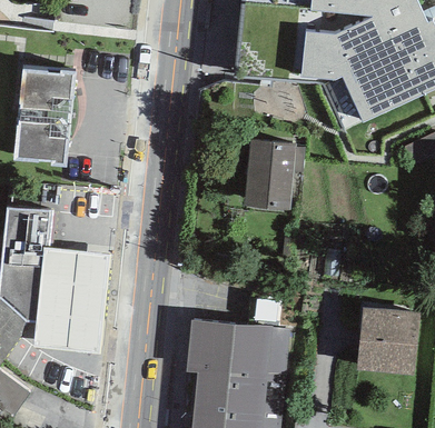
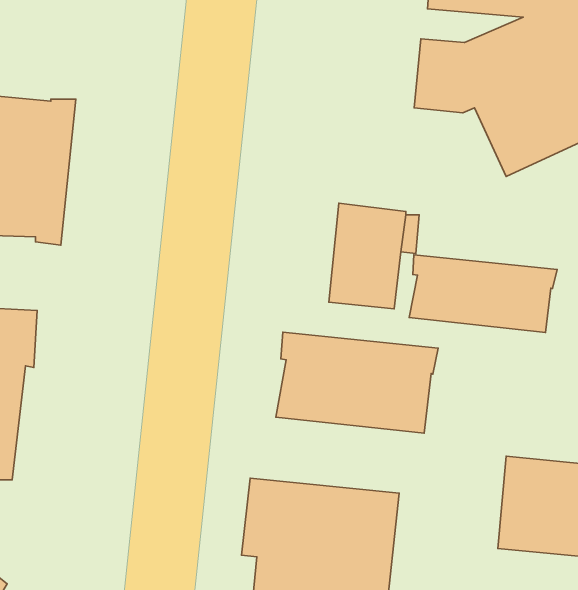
building: none -> [409,255,557,332]
building: none -> [276,332,438,433]
building: [32,247,110,354] -> none

